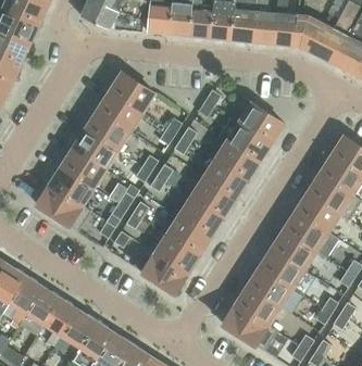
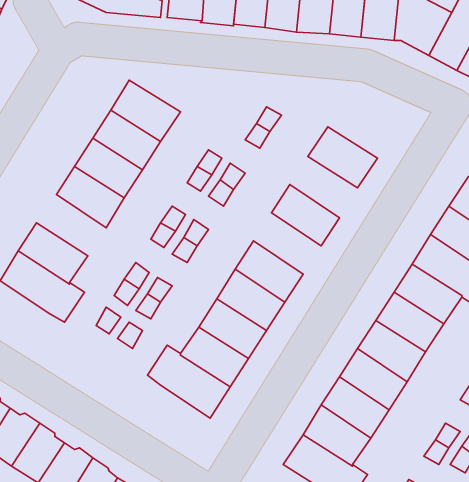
building: [226,123,271,163] -> none
building: [60,148,105,188] -> none
building: [202,160,247,200] -> none

